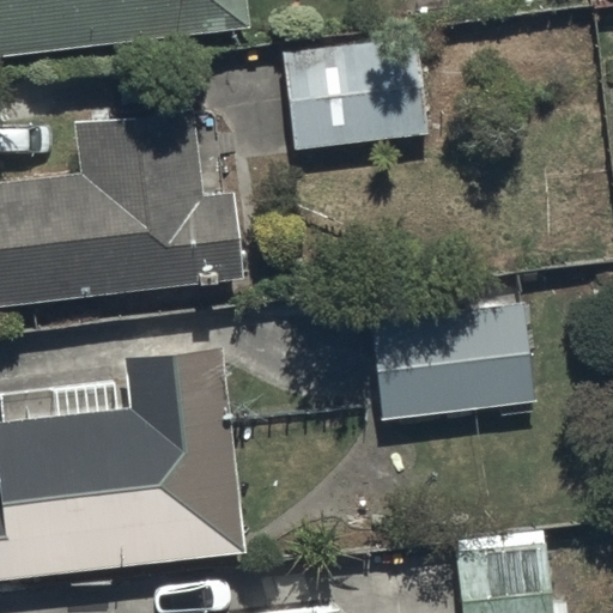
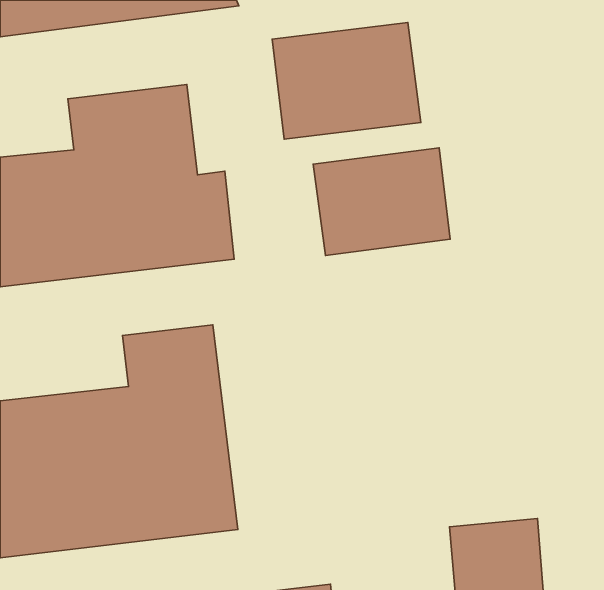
building: none -> [313,148,450,255]
building: [370,304,533,424] -> none

